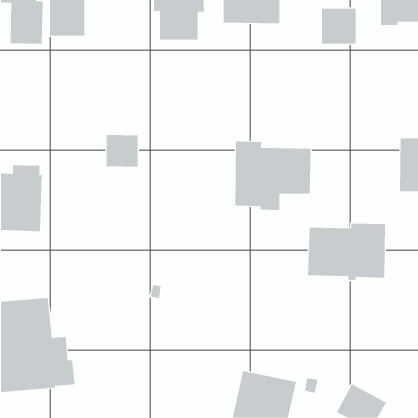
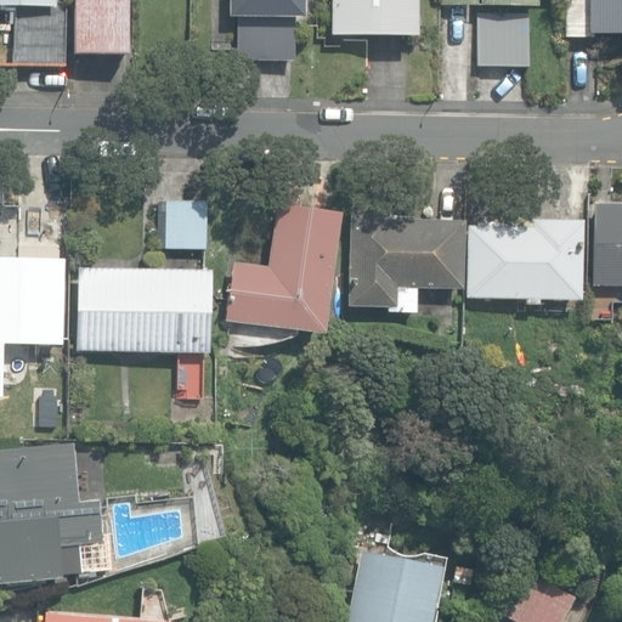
building: none -> [225,203,340,334]
building: none -> [77,267,210,352]
building: [307,223,386,280] -> [465,219,582,304]

